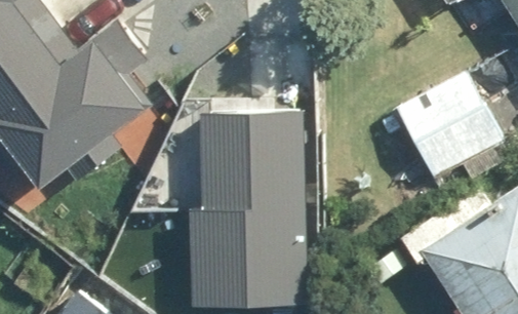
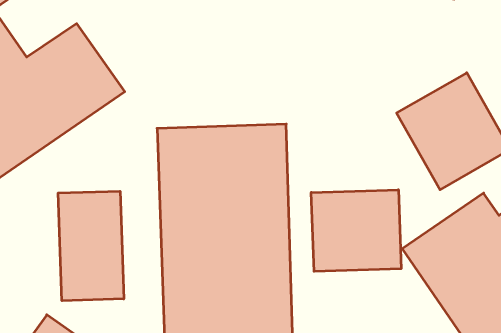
building: none -> [311,190,401,271]
building: none -> [58,191,124,301]

